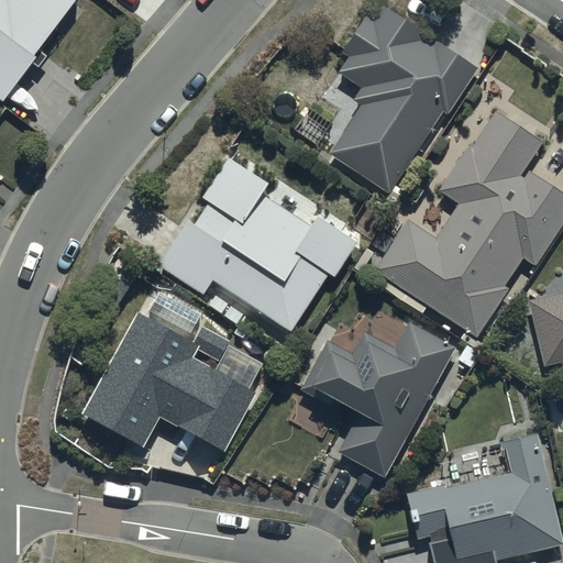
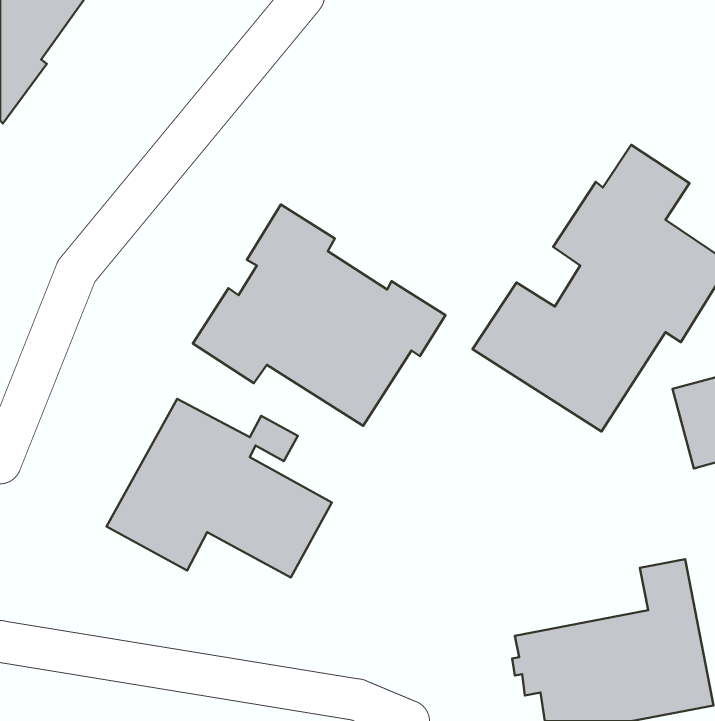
building: [328,7,477,195] -> none
building: [301,322,453,475] -> none

